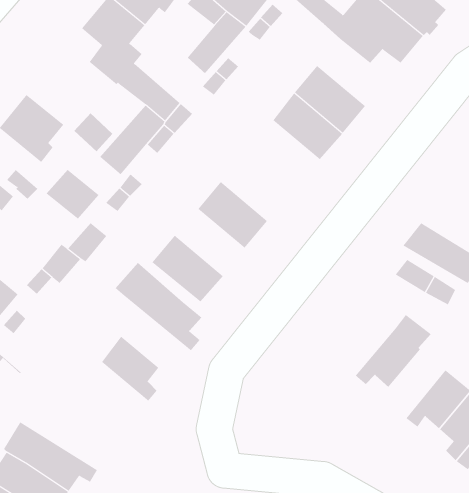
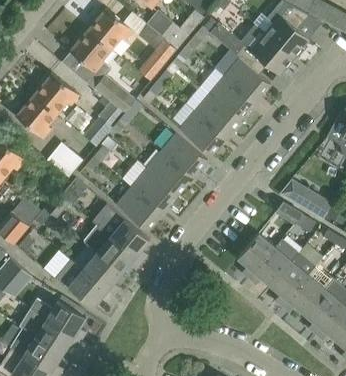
building: none -> [224,58,271,102]
building: none -> [34,73,80,114]
building: none -> [180,111,226,155]
building: none -> [161,133,207,177]
building: none -> [131,169,177,213]
building: none -> [84,226,142,273]
building: none -> [237,233,275,278]
building: none -> [271,251,315,306]
building: none -> [58,260,114,307]
building: none -> [30,296,86,340]

